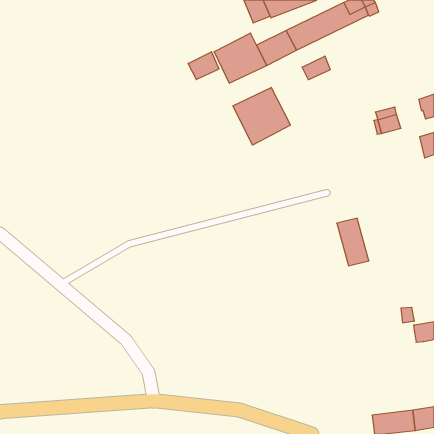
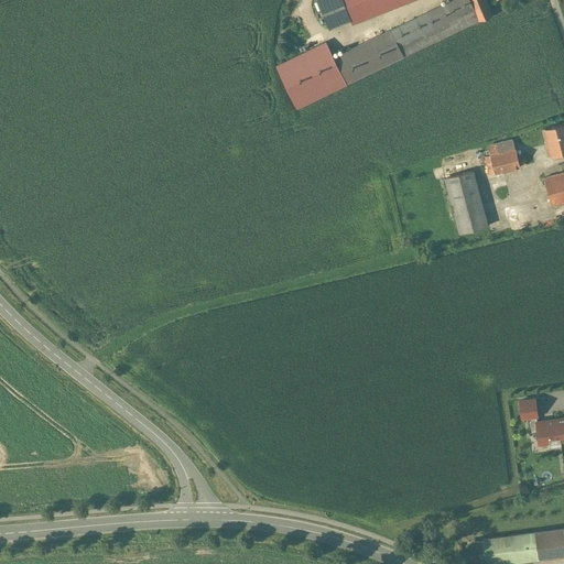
building: [188,52,219,80] -> none
building: [302,56,330,80] -> none
building: [233,87,290,145] -> none
building: [337,218,369,266] -> [445,171,487,232]

